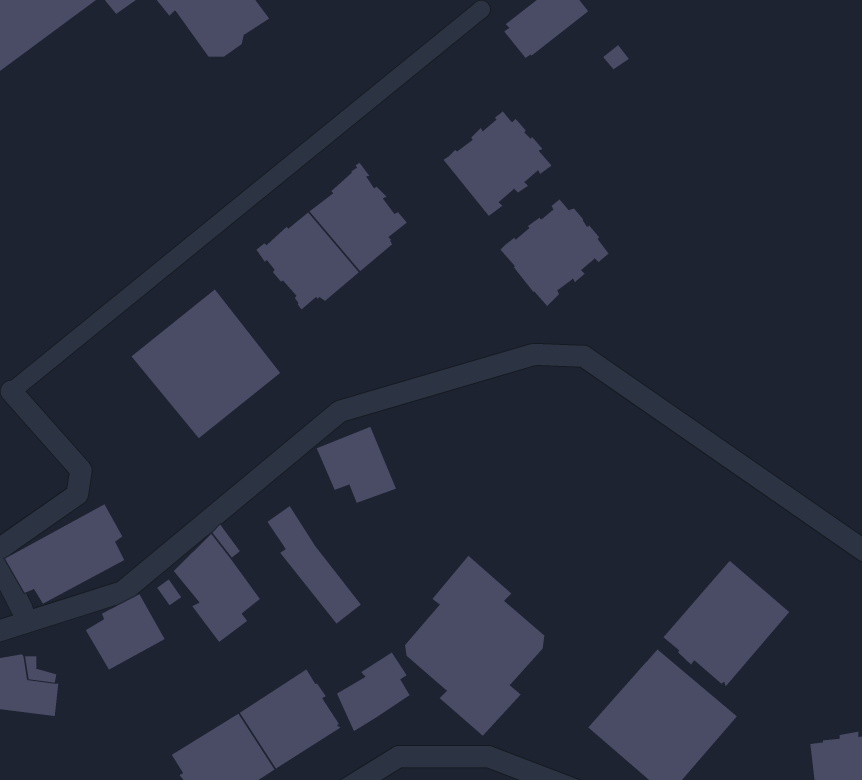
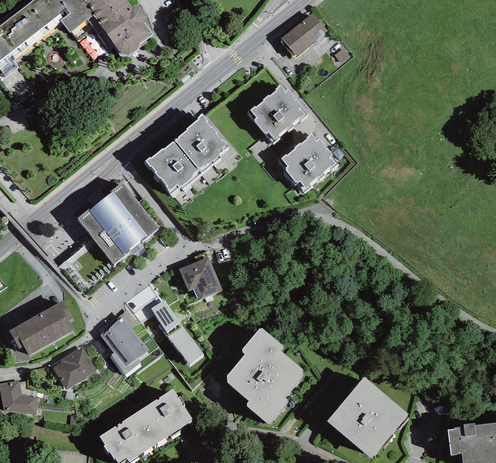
building: [663,560,790,687] -> none
building: [336,651,411,732] -> none

